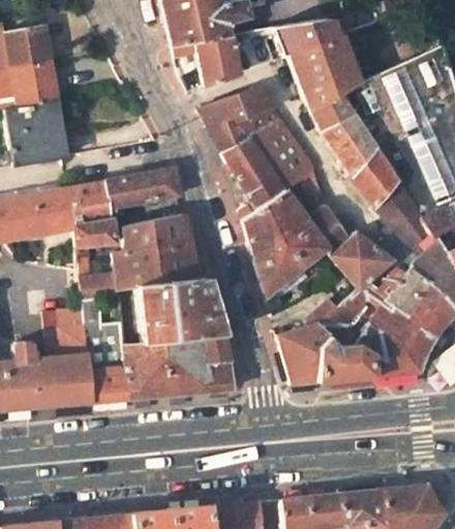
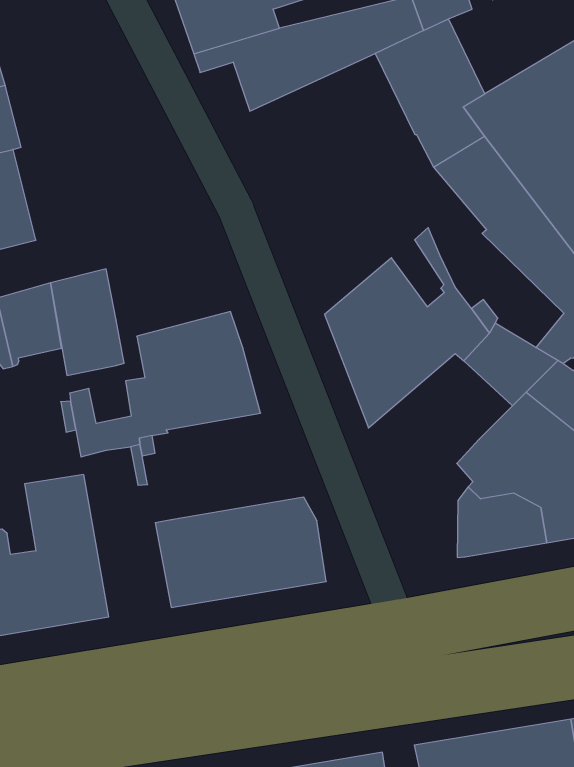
building: [199,87,313,220] -> none
building: [105,169,178,217] -> none
building: [134,279,221,344] -> none
building: [81,297,131,403] -> none
building: [278,301,336,384] -> none

